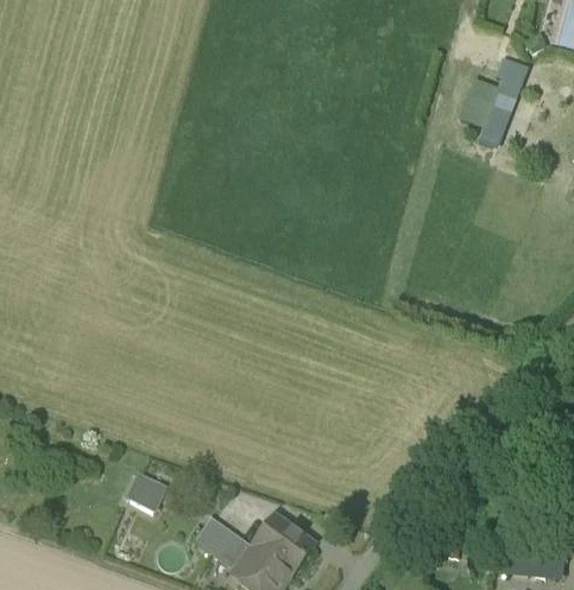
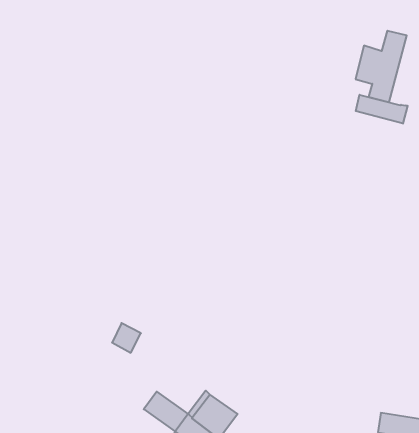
building: none -> [356,95,408,124]
building: [128,471,165,509] -> [112,323,141,353]

